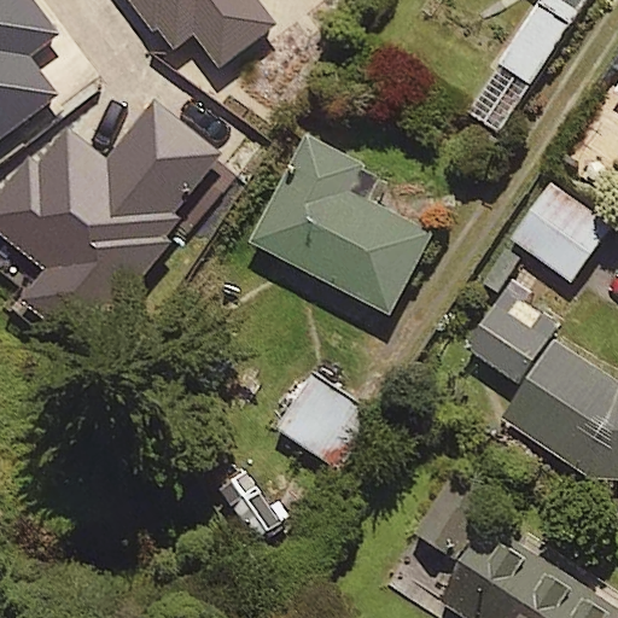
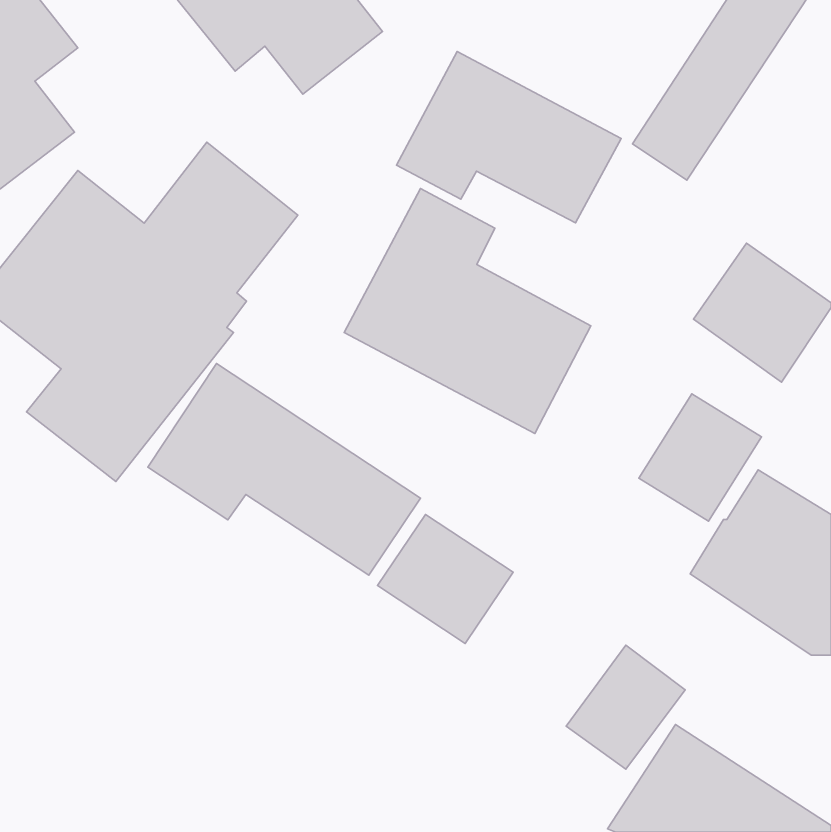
building: none -> [396,51,621,223]
building: none -> [148,364,421,575]

